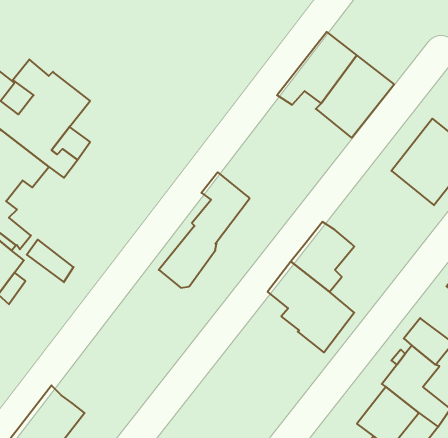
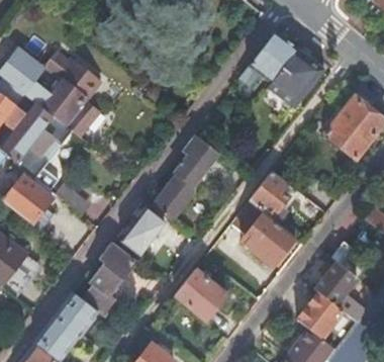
building: none -> [121,204,165,256]
building: none -> [80,243,135,318]
building: none -> [176,269,226,319]

